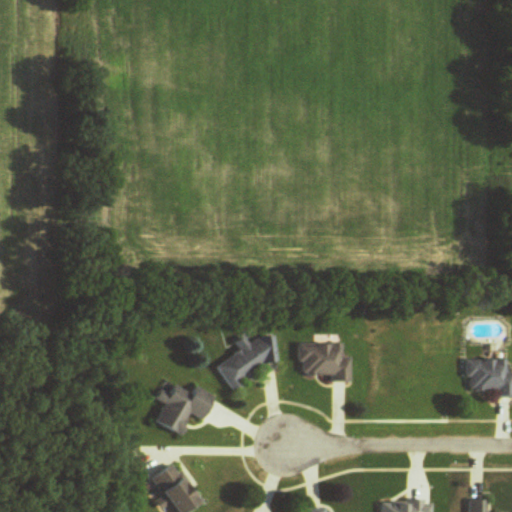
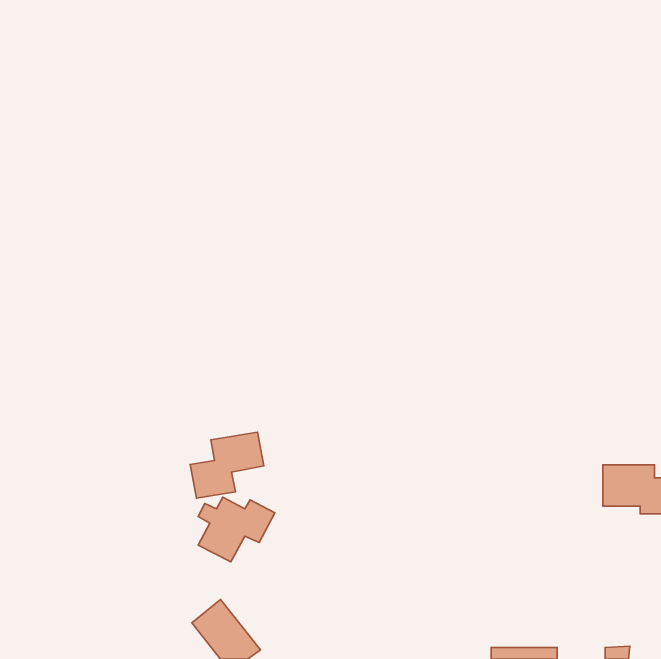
building: [220,335,277,386] -> [190,432,264,498]
building: [298,344,349,381] -> none

